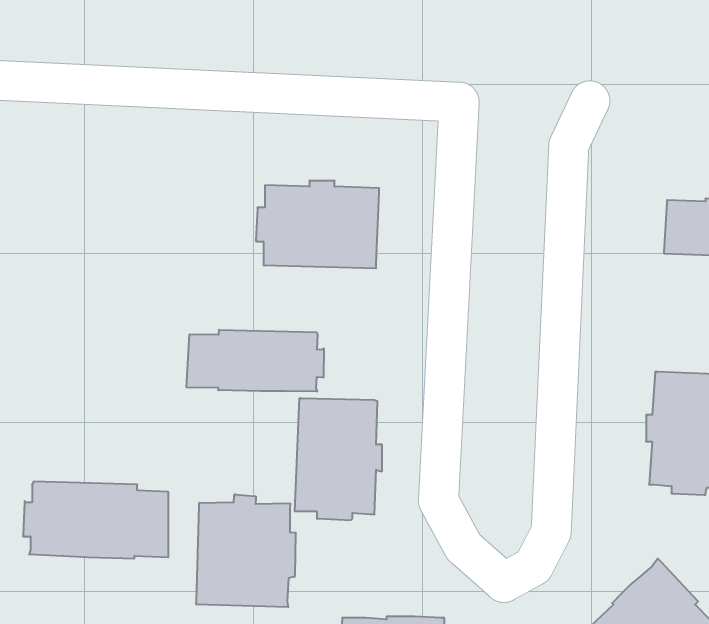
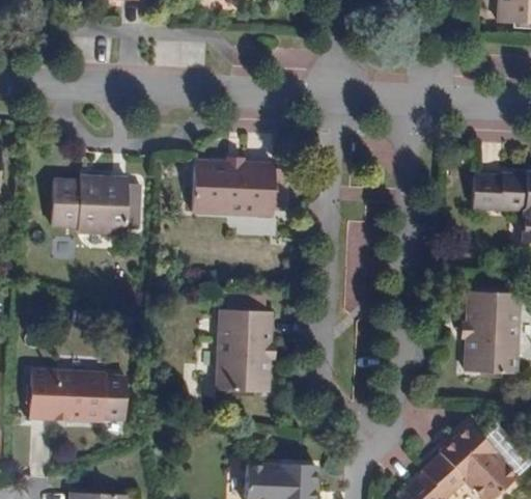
building: none -> [51,174,129,235]
building: [186,330,324,392] -> none
building: [196,494,296,607] -> none

